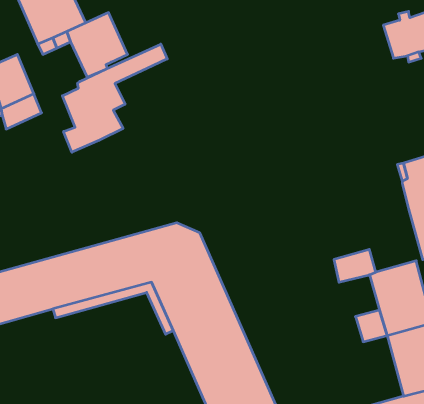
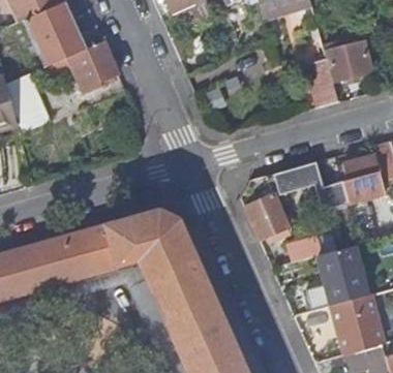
building: none -> [310,57,340,106]
building: [62,44,167,152] -> none
building: none -> [273,160,350,209]
building: none -> [242,175,291,241]

